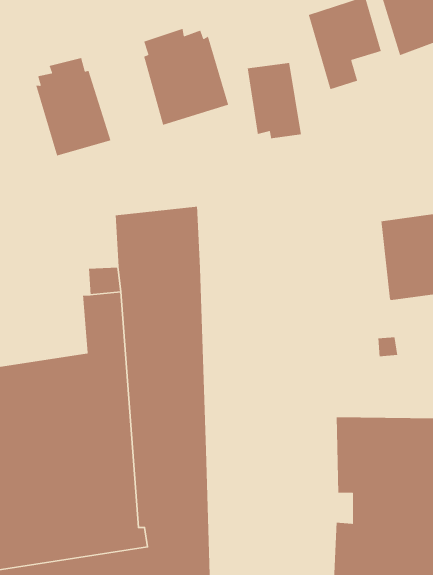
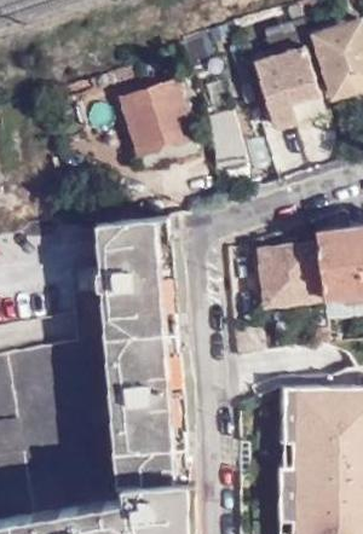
building: [35,57,112,156] -> none
building: none -> [263,244,324,304]

